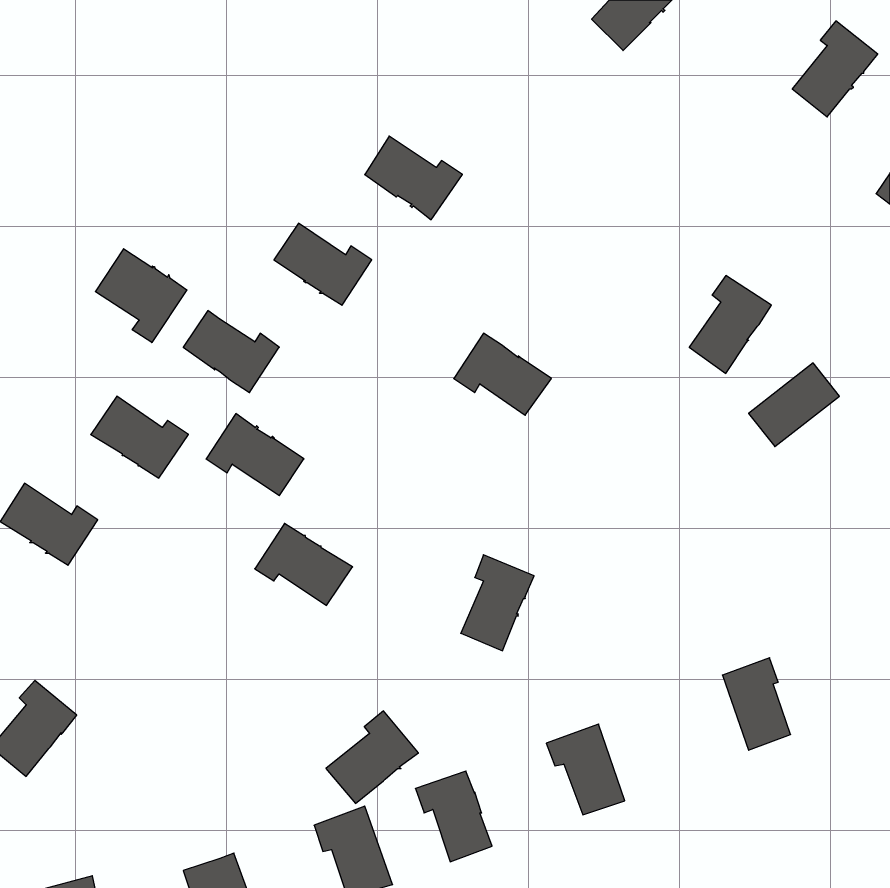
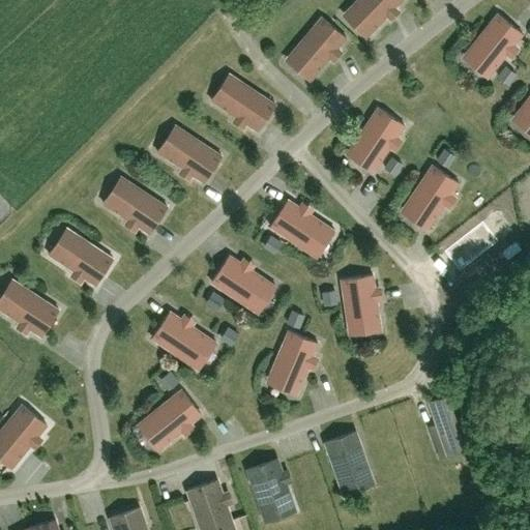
building: none -> [293,18,345,76]
building: none -> [354,108,403,166]
building: [95,249,187,343] -> none
building: [206,414,304,496] -> [210,256,268,304]
building: none -> [340,275,379,327]
building: [326,711,418,803] -> [146,390,201,445]

